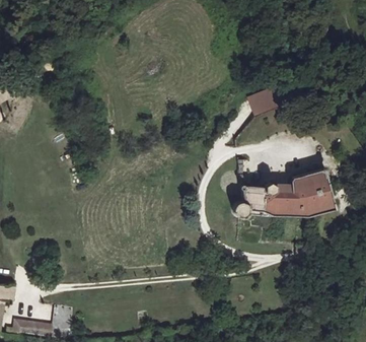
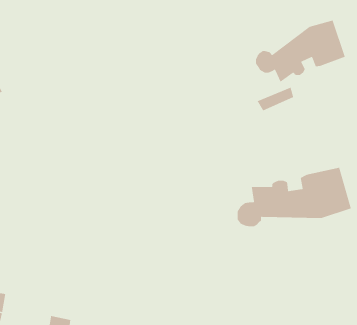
building: none -> [255,20,346,83]

